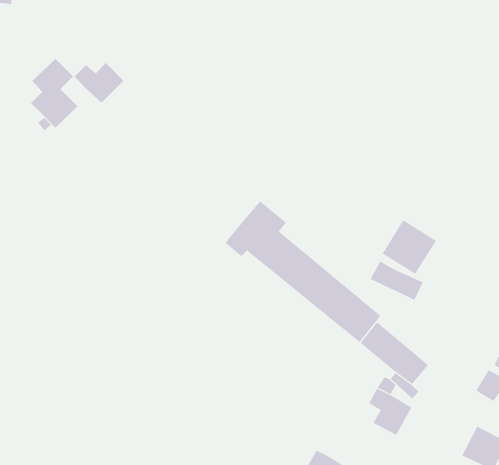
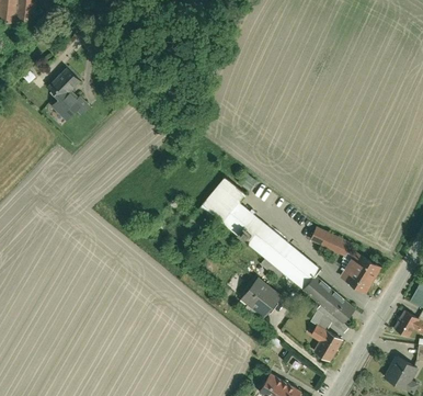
building: [74,62,124,104] -> none
building: [382,220,437,274] -> [340,250,382,293]
building: none -> [240,276,283,318]

